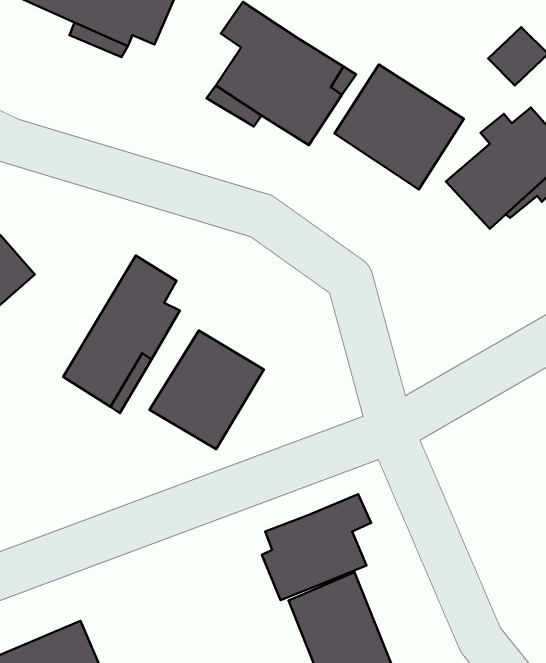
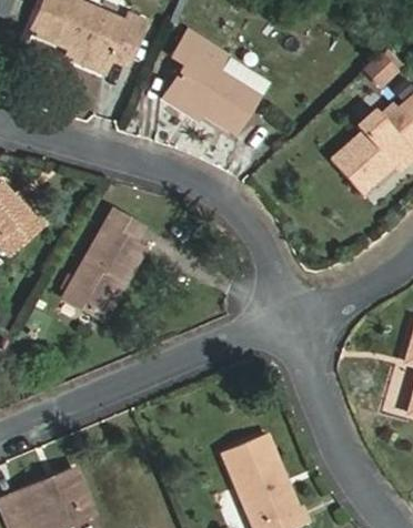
building: [334,64,464,190] -> none
building: [150,330,264,449] -> none
building: [262,494,371,600] -> none

